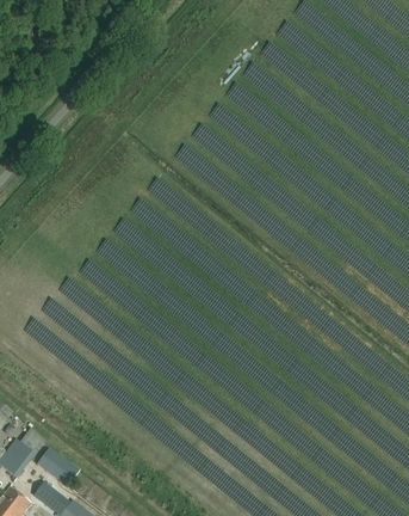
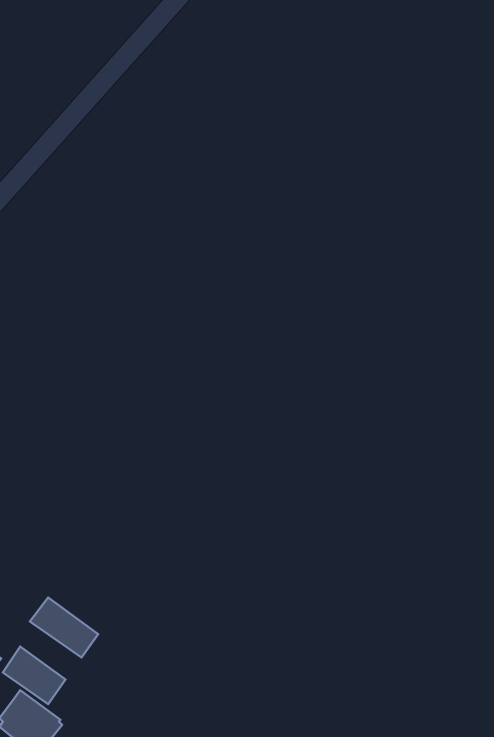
building: none -> [30,598,98,658]

